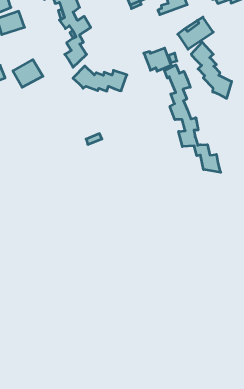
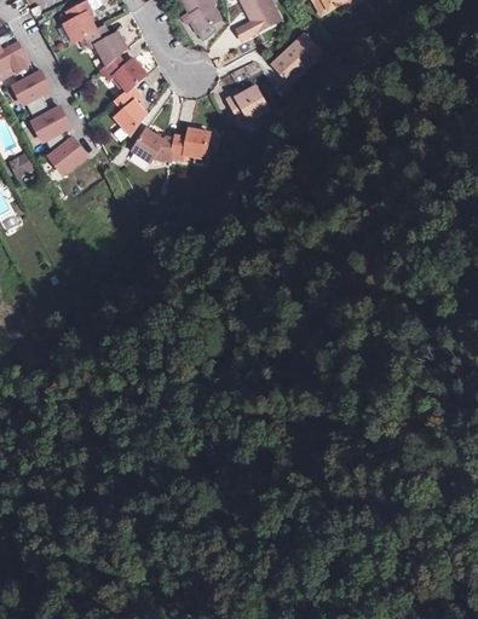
building: none -> [27,103,70,141]
building: [191,42,232,98] -> none
building: [164,65,221,172] -> none

